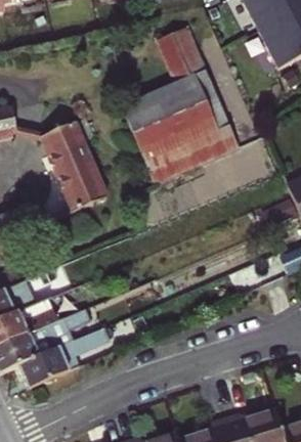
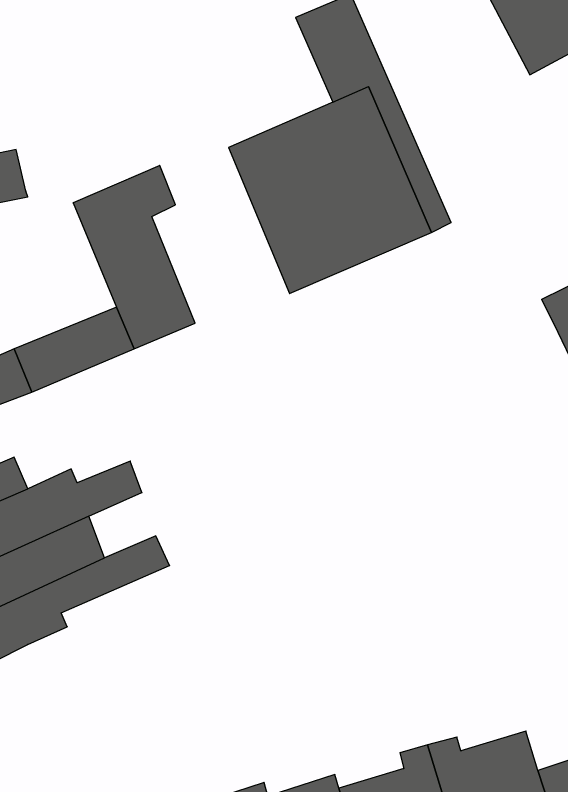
building: [17,326,110,387] -> none

